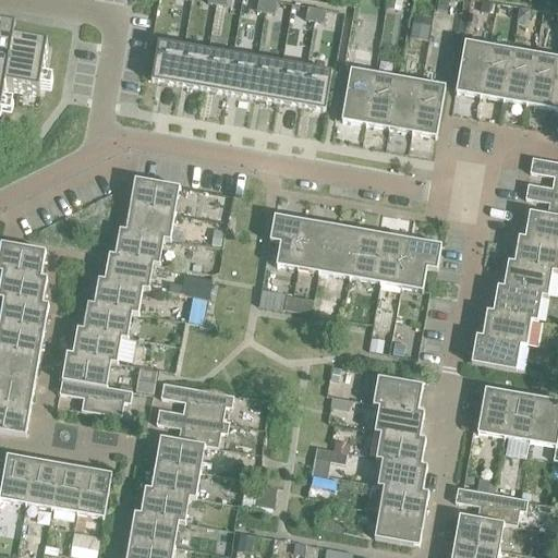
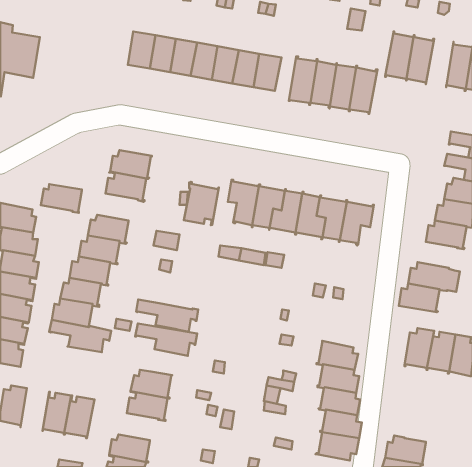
building: [502,46,535,102] -> none
building: none -> [184,182,219,225]
building: [116,228,163,262] -> [41,184,82,213]
building: [493,284,541,318] -> none
building: [372,374,421,409] -> none
building: [156,407,229,445] -> [136,299,198,332]
building: [25,457,59,507] -> none
building: [454,485,527,523] -> none
building: [141,486,189,520] -> none

